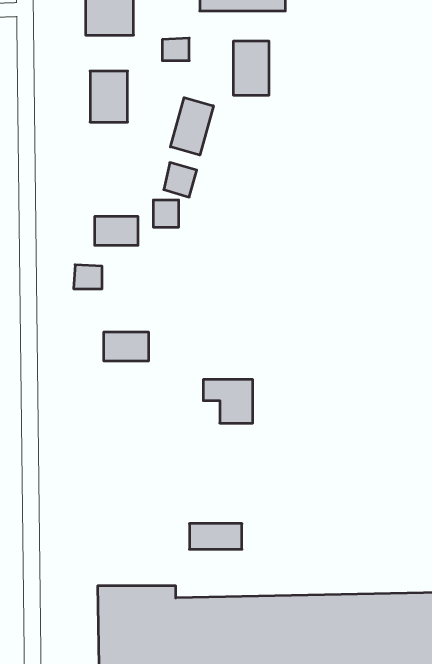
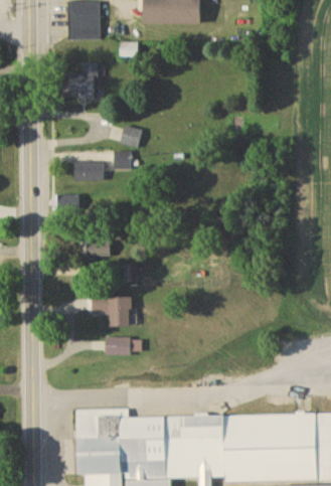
building: [234,41,269,95] -> none
building: [170,98,213,155] -> none
building: [203,380,253,423] -> [98,298,131,327]
building: [189,524,242,549] -> [106,337,141,354]

